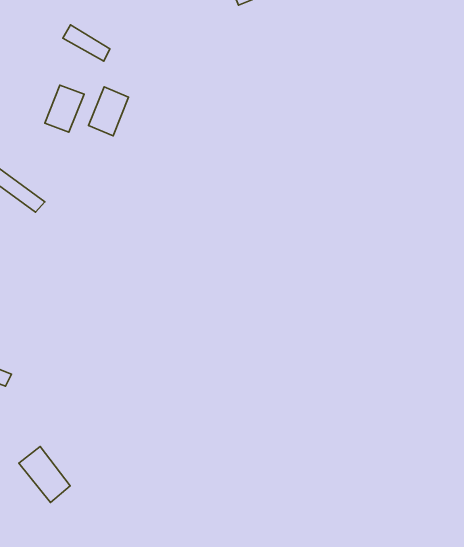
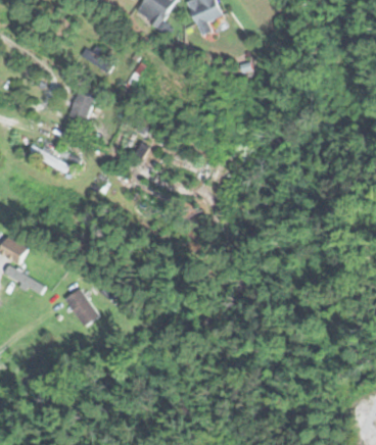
building: [89,87,129,136] -> none
building: [19,447,70,503] -> [64,289,99,327]

